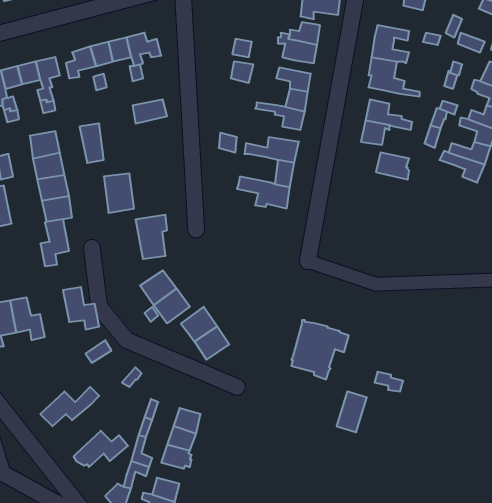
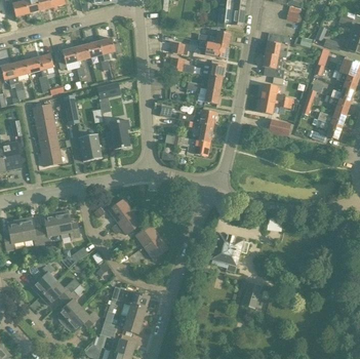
building: [135,215,167,259] -> [111,123,132,153]
building: [40,219,69,266] -> [40,212,59,244]
building: none -> [28,263,56,296]
building: none -> [56,290,81,325]

